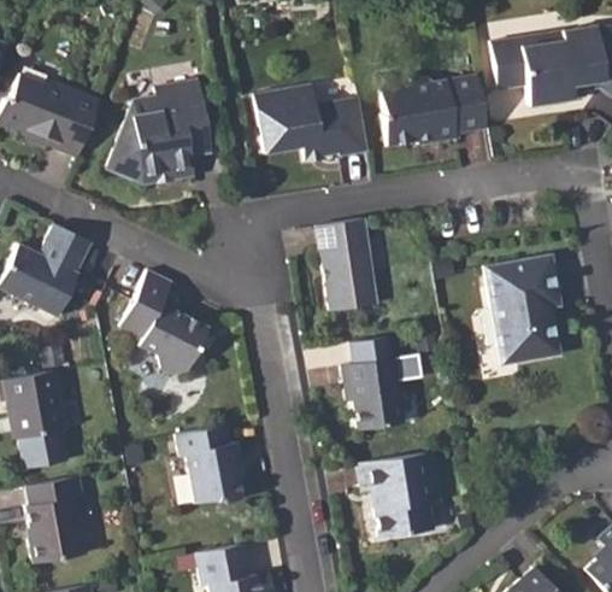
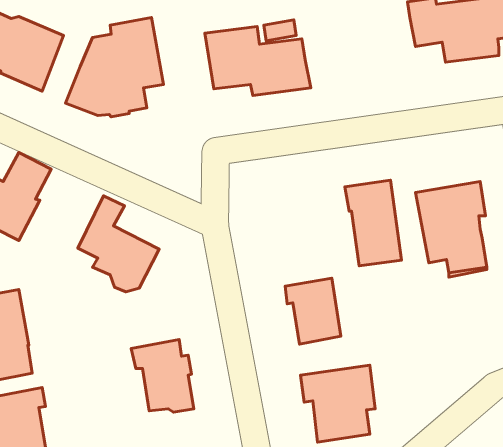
building: [383,76,487,145] -> none
building: [316,217,377,310] -> [345,180,402,266]

